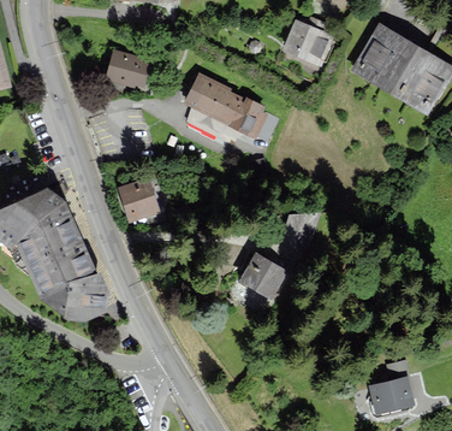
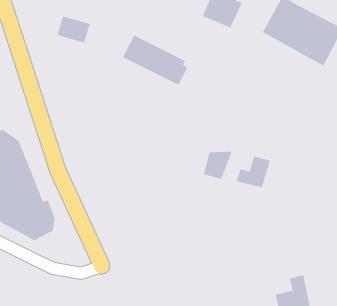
building: [120,178,159,220] -> none
building: none -> [236,156,271,188]
building: [242,253,286,295] -> none

